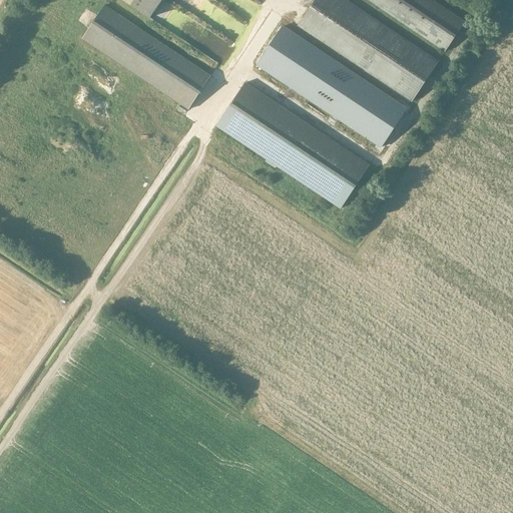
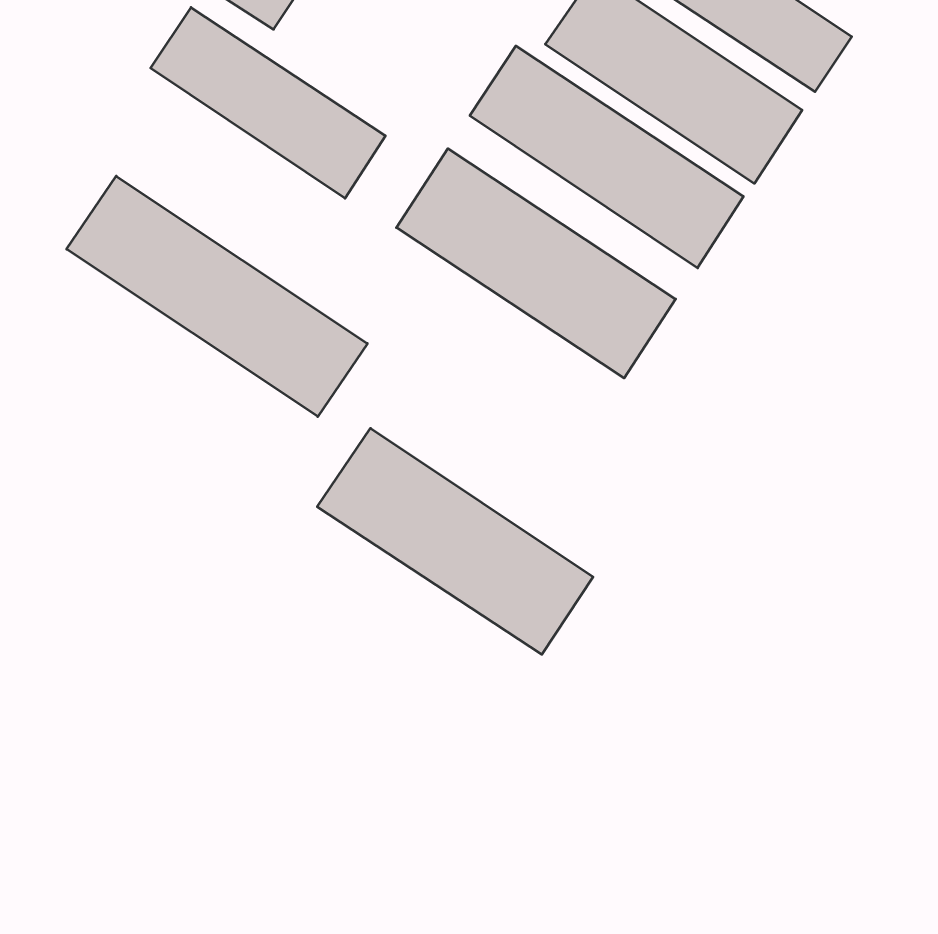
building: none -> [67,176,367,417]
building: none -> [317,428,593,654]

